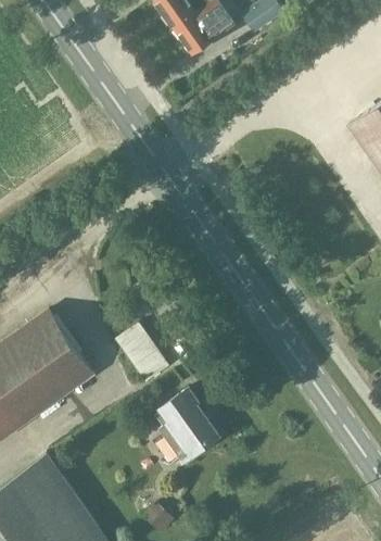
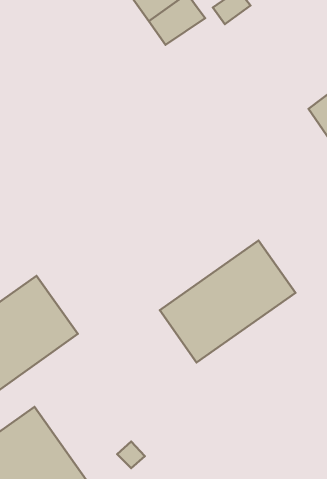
building: none -> [160,240,295,363]
building: [115,323,168,382] -> none
building: [155,388,219,463] -> none

